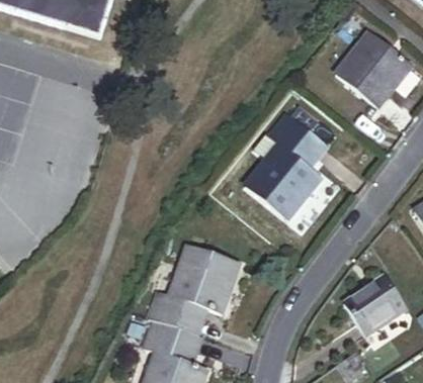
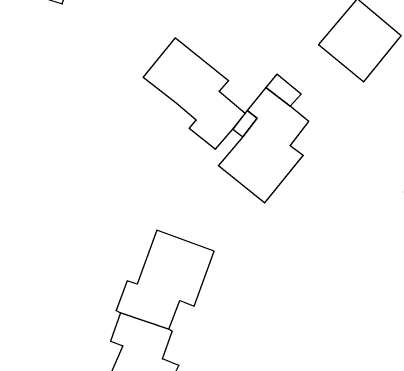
building: none -> [143,38,245,149]
building: [342,274,406,334] -> none

